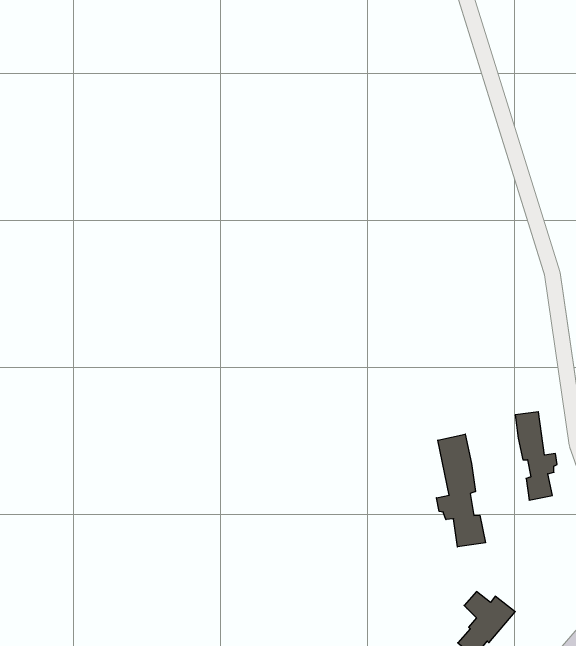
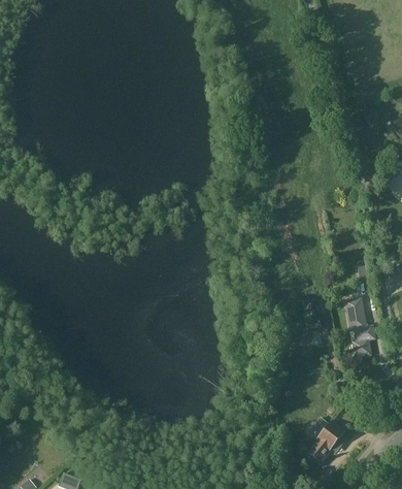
building: [436,434,485,547] -> none

